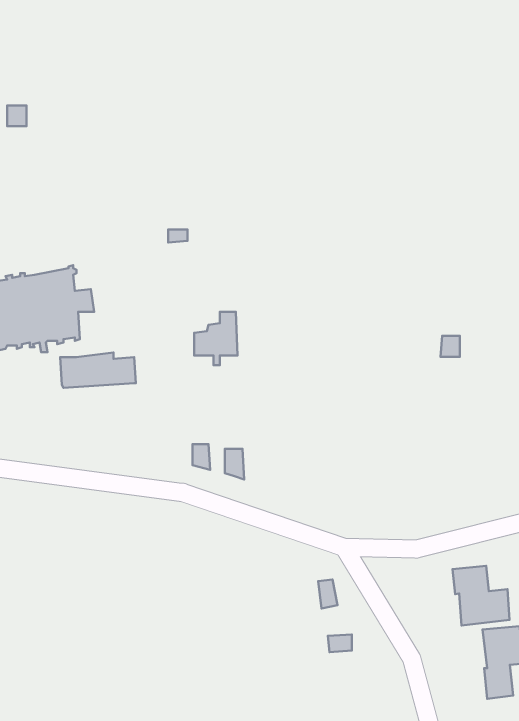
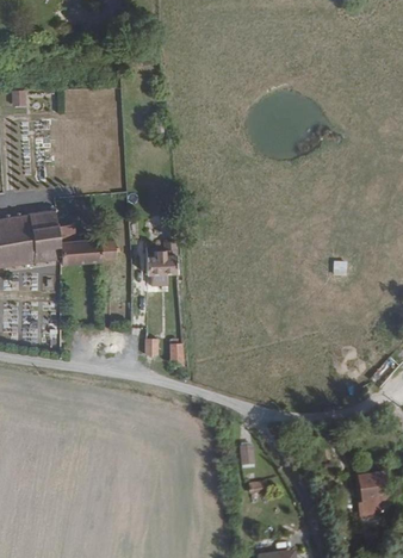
building: [60,352,136,388] -> [60,236,116,262]
building: [452,566,510,626] -> none

